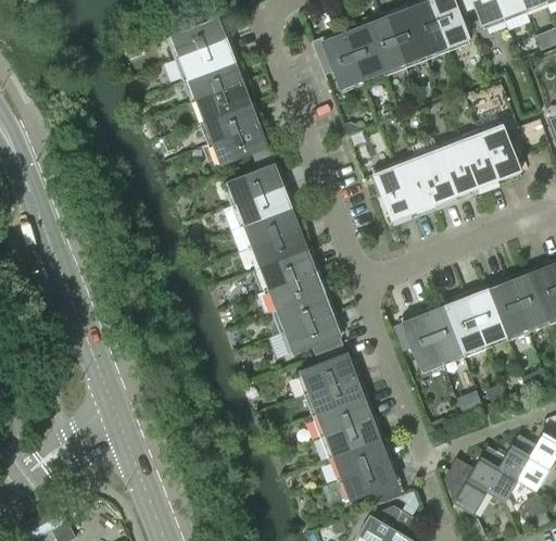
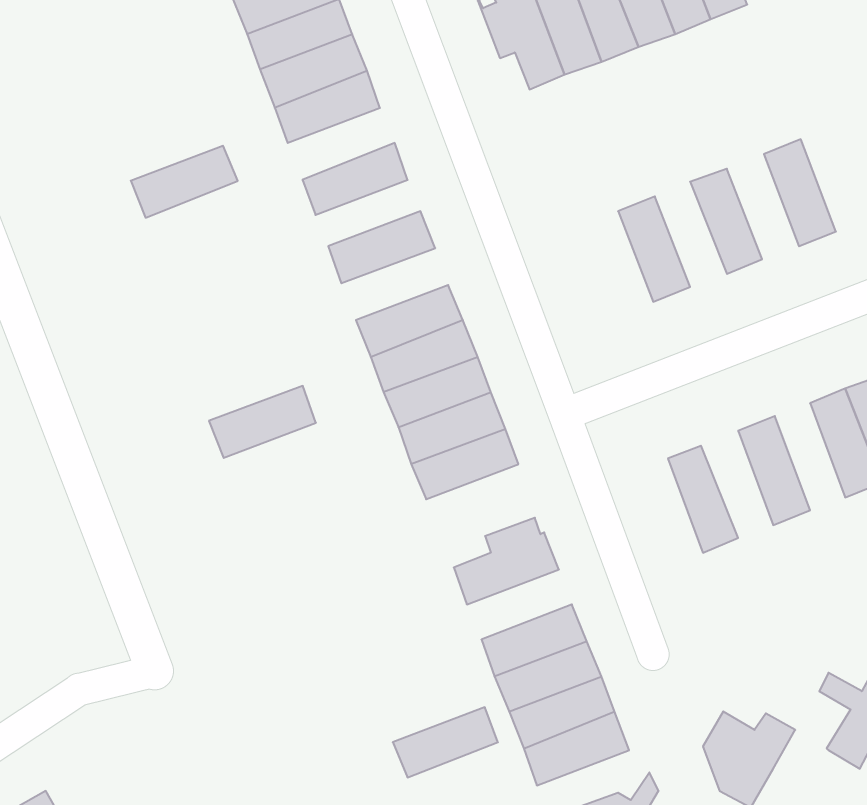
building: [199,104,262,147] -> [131,146,238,218]
building: [457,131,500,193] -> none
building: [415,148,457,210] -> none
building: [371,165,414,227] -> none
building: [230,187,293,229] -> [209,386,316,458]
building: [485,278,527,341] -> none
building: [442,294,484,357] -> none
building: [400,311,443,375] -> none
building: [280,314,343,356] -> none
building: [304,376,366,417] -> [393,707,498,777]
building: [480,448,530,505] -> none

